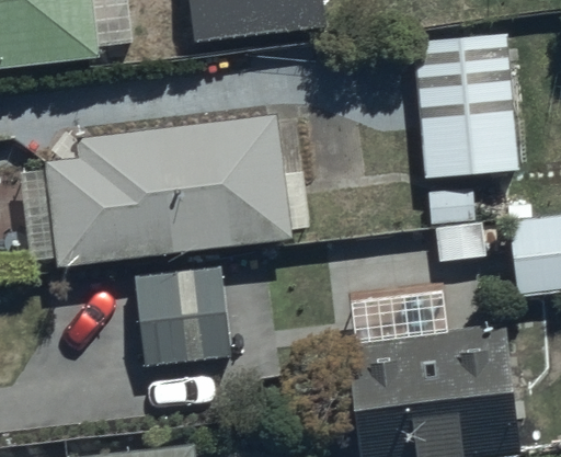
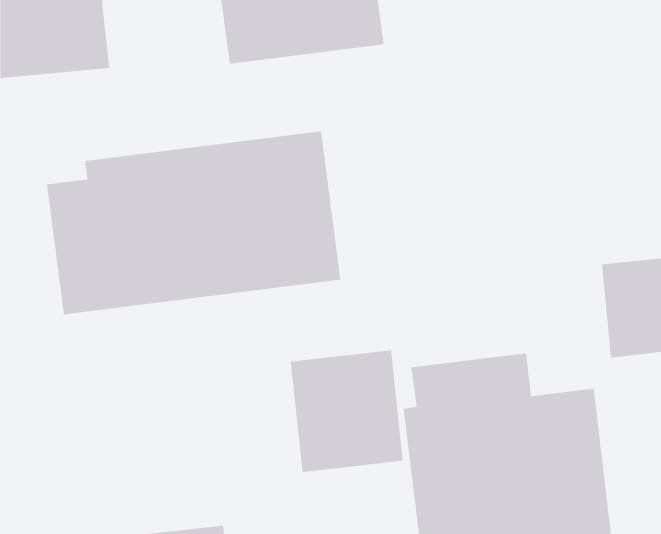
building: [412,33,517,179] -> none
building: [135,264,230,367] -> [290,350,404,473]

